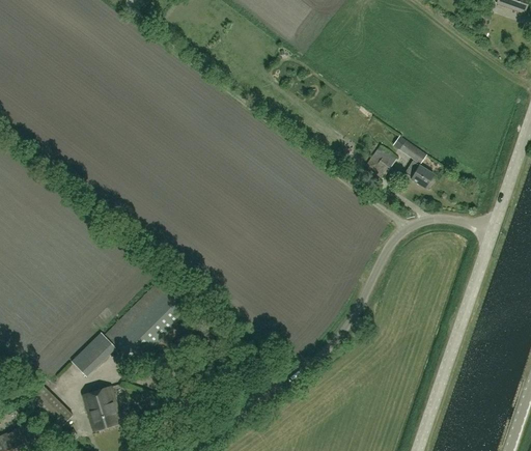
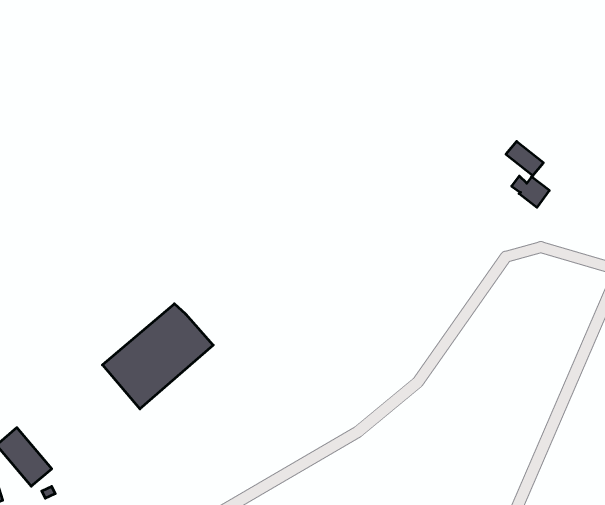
building: [365,144,397,177] -> none
building: [74,347,107,372] -> none
building: [83,386,123,431] -> none

